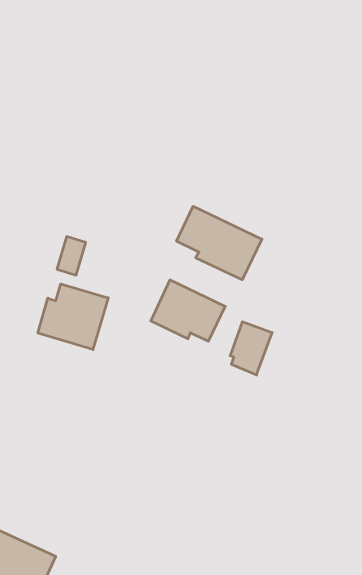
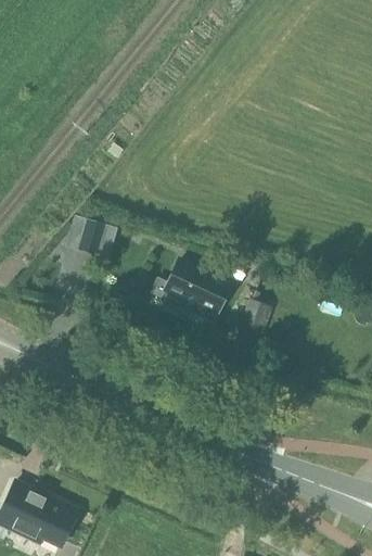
building: [177,206,262,280] -> none
building: [38,284,108,350] -> none

